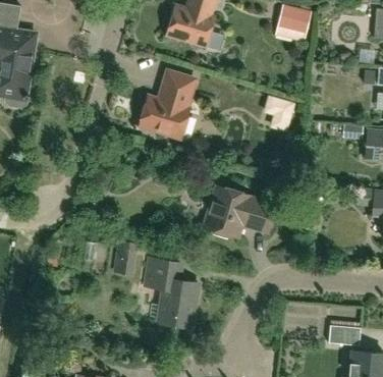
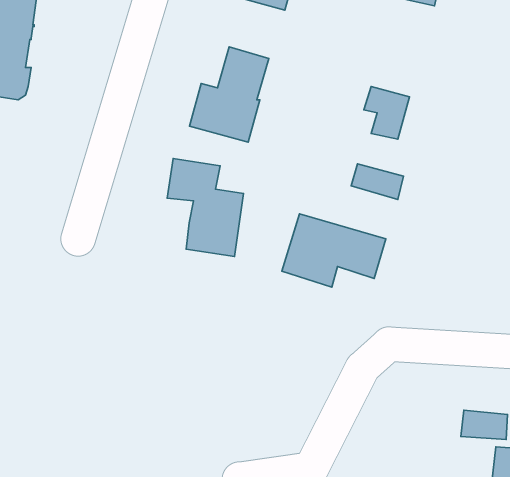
building: none -> [351,164,403,200]
building: [114,239,134,274] -> none
building: [145,259,198,327] -> [167,159,243,257]

